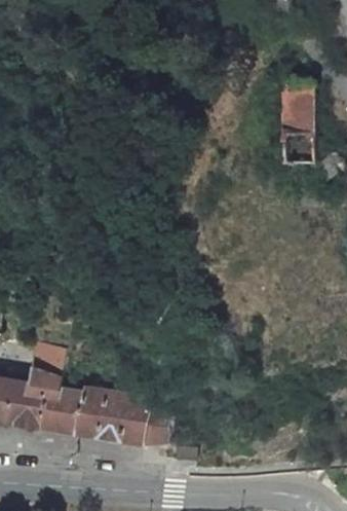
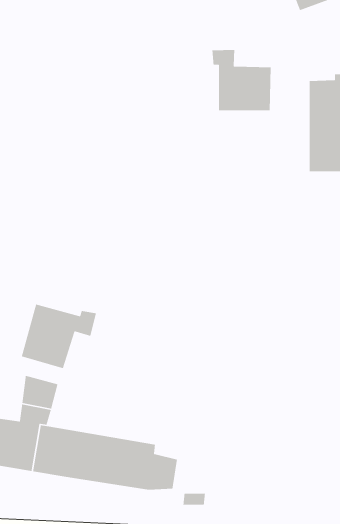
building: none -> [211,49,271,111]
building: none -> [21,303,97,369]

